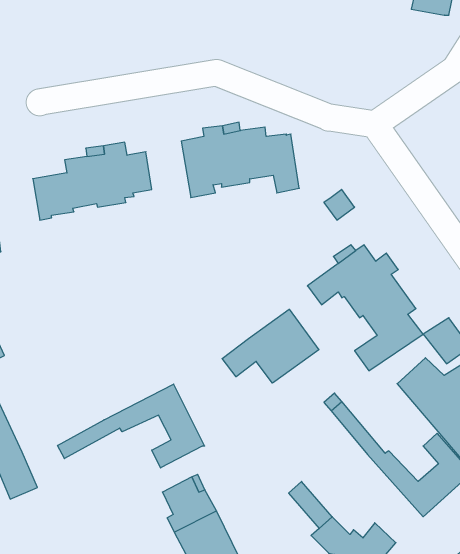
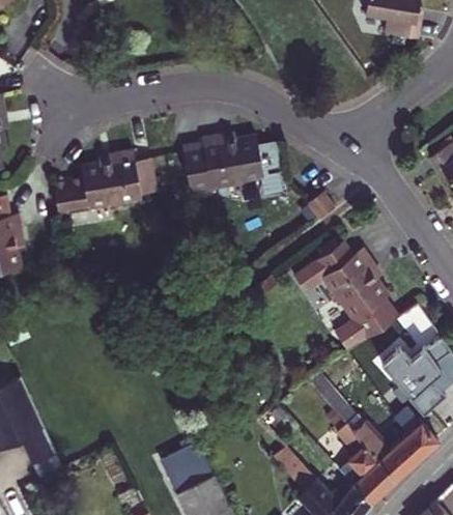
building: [222,309,319,383] -> none
building: [58,384,205,468] -> none
building: none -> [337,425,395,503]

